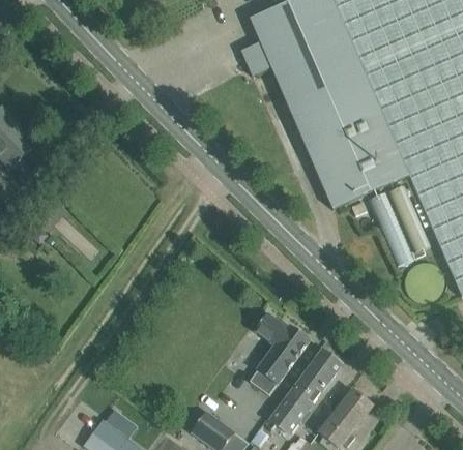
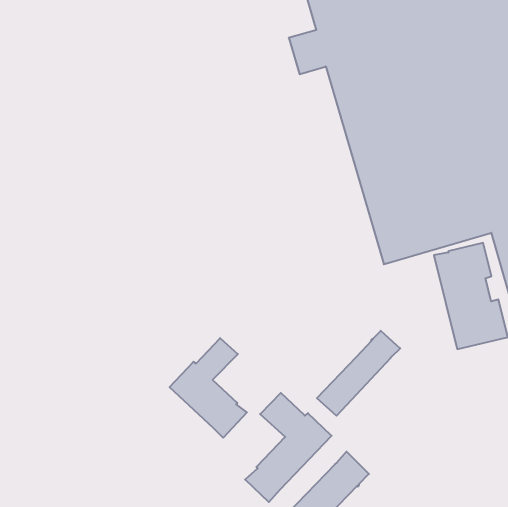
building: none -> [317,331,400,416]
building: none -> [170,338,247,438]

